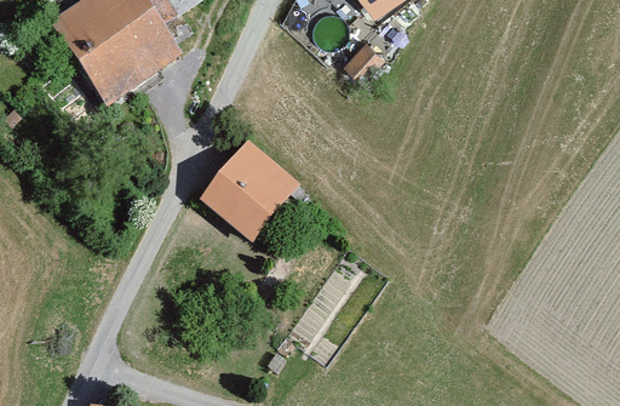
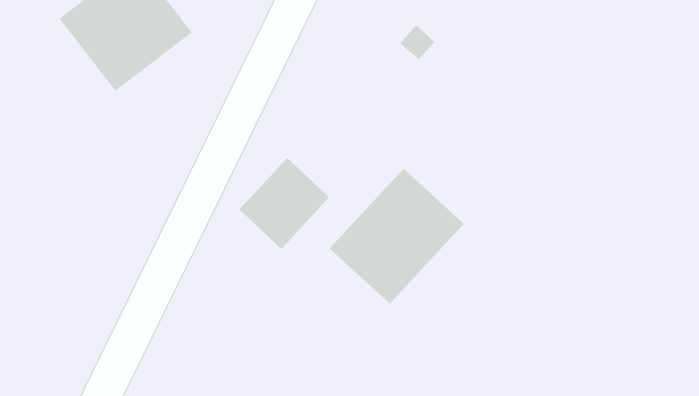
building: none -> [329,168,465,304]

